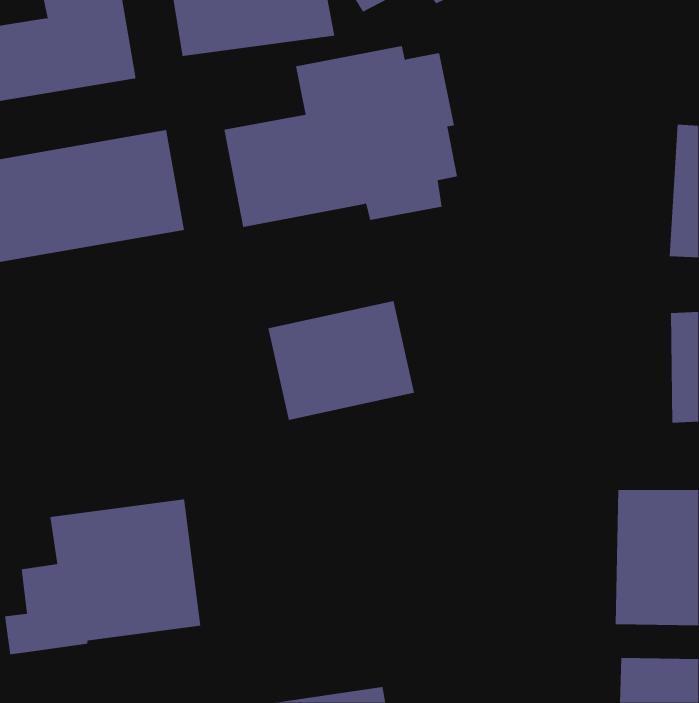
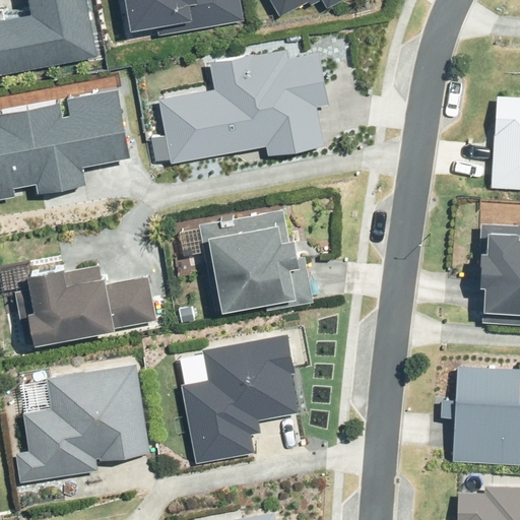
building: none -> [13,263,160,349]
building: none -> [178,328,301,468]

